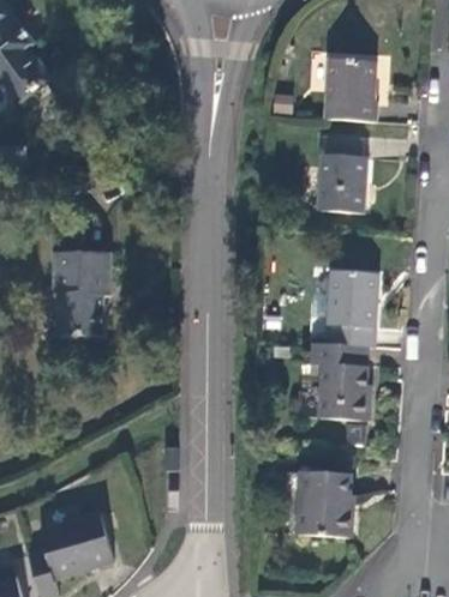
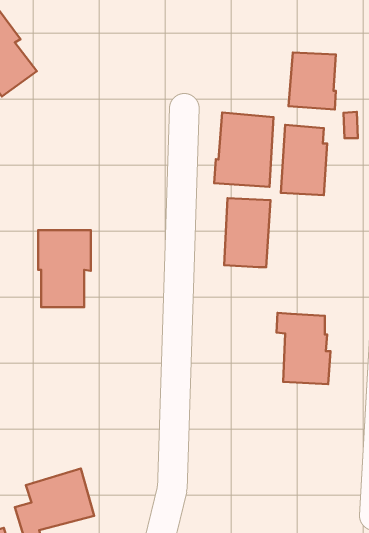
building: none -> [214,113,273,187]
building: [328,270,378,345] -> [224,198,270,267]
building: [298,470,353,537] -> none

